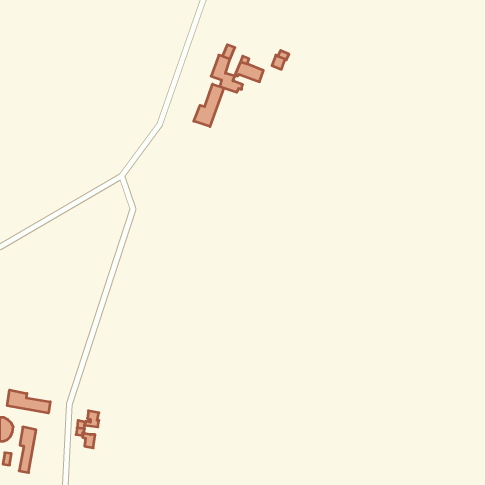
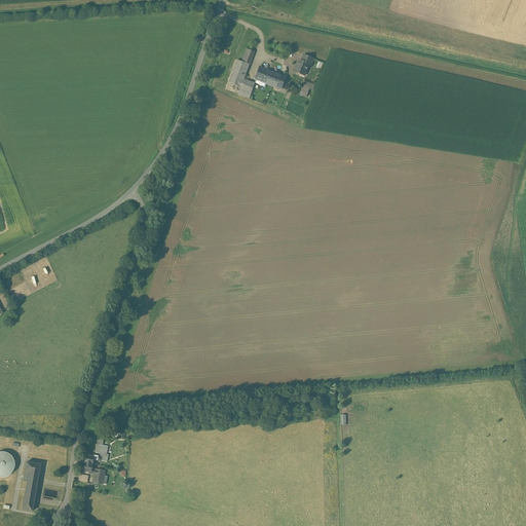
building: [194,84,224,127] -> none
building: [7,390,50,413] -> none

